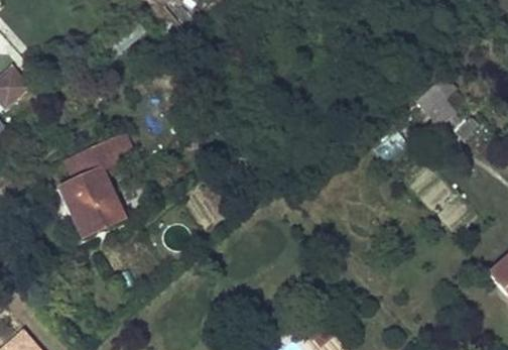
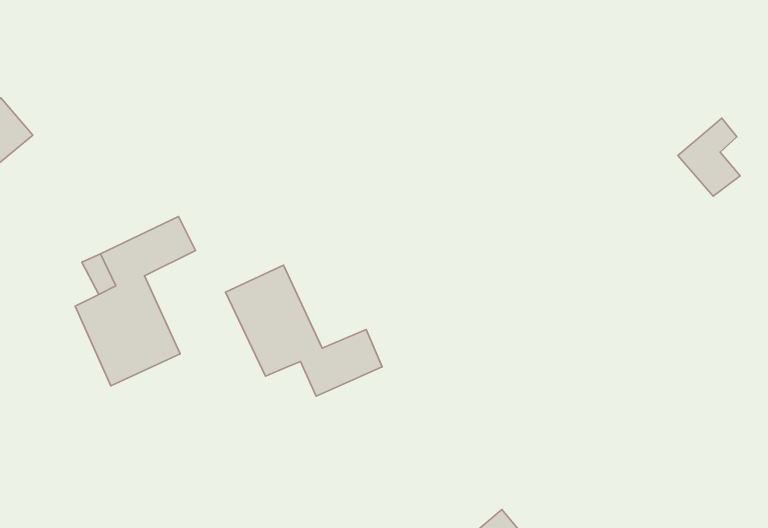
building: none -> [225,265,382,396]

